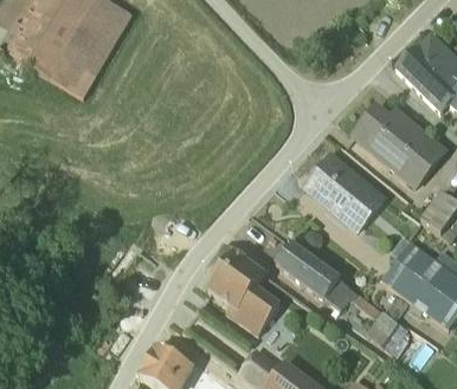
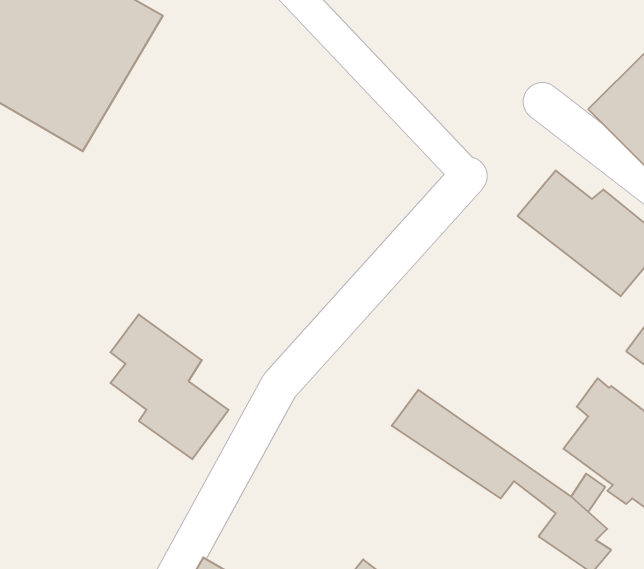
building: [302,151,386,233] -> none
building: [207,245,281,335] -> [110,314,229,459]

